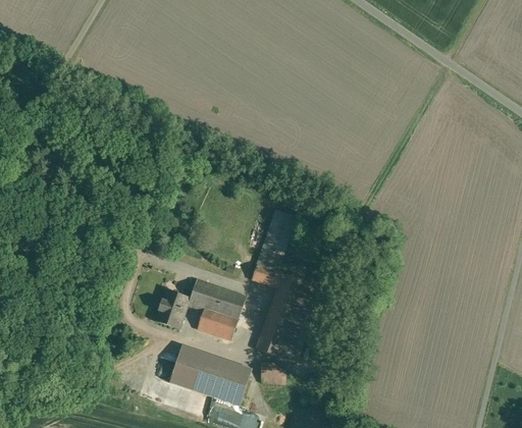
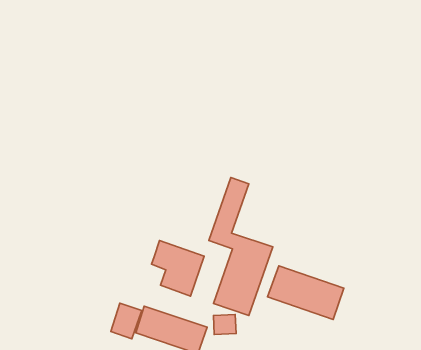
building: [155,288,190,328] -> [111,303,142,339]
building: none -> [268,266,344,320]

